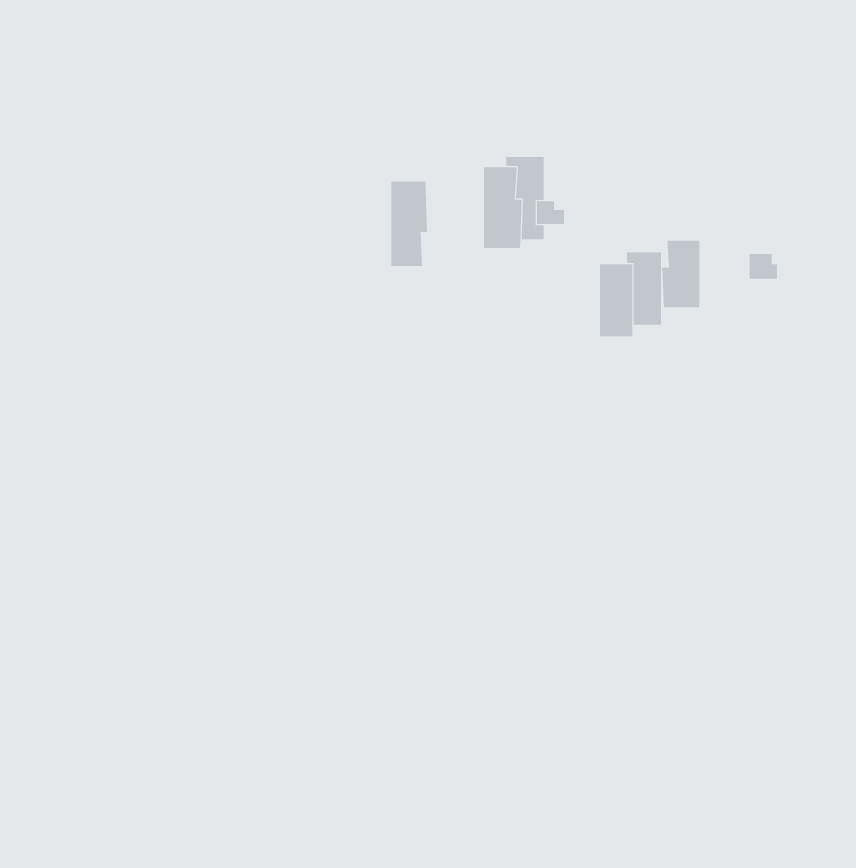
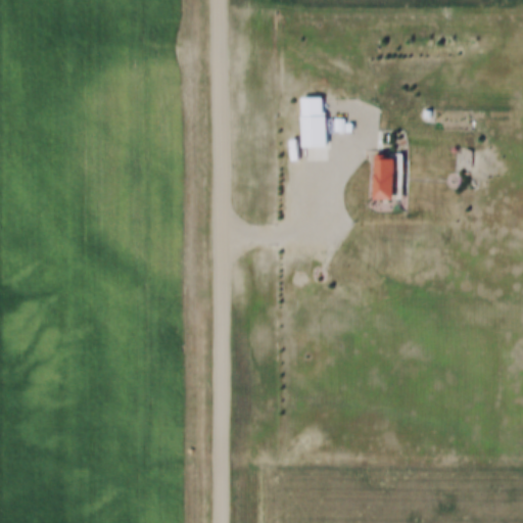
building: [391,181,427,267] -> none
building: [662,240,700,308] -> none

